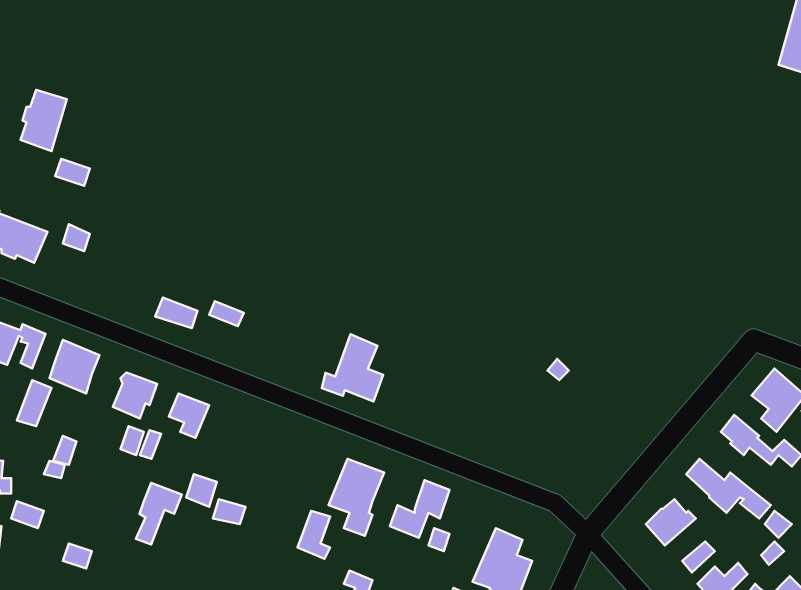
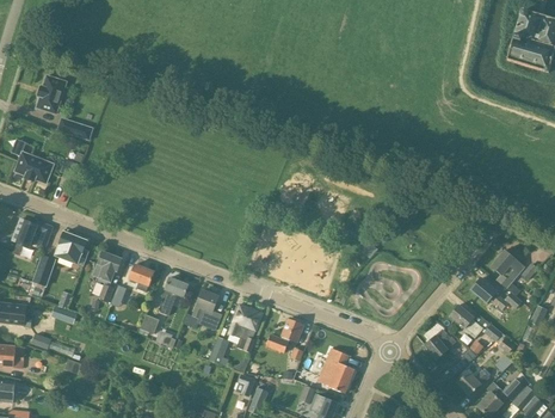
building: [322,334,383,402] -> [184,289,222,331]
building: [136,483,182,544] -> [160,277,189,315]

